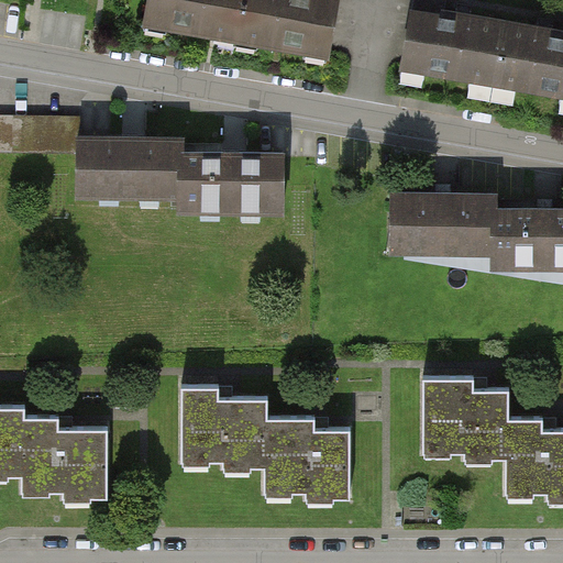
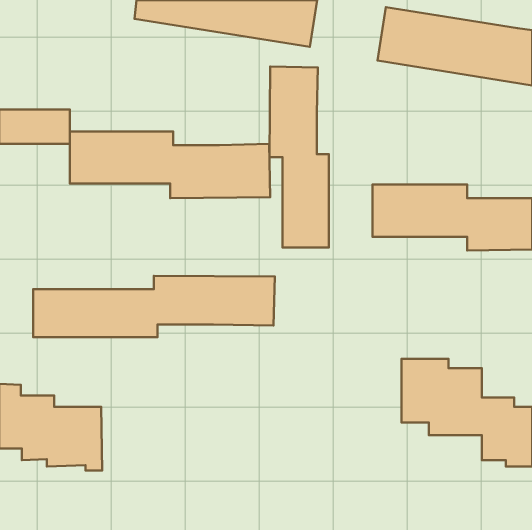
building: none -> [269,67,329,248]
building: none -> [33,276,275,337]
building: [181,391,351,499] -> none

